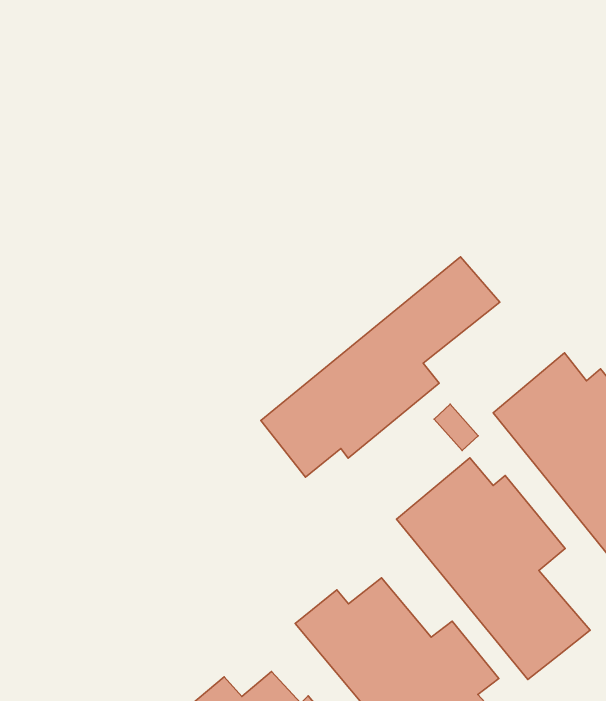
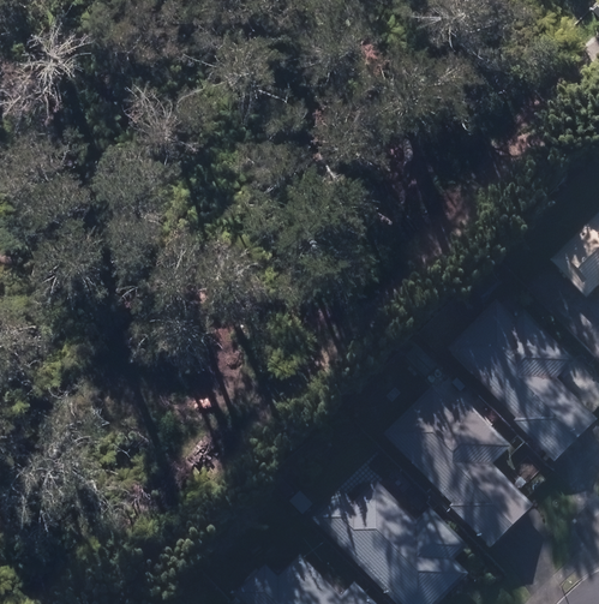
building: [261,257,500,477] -> none

